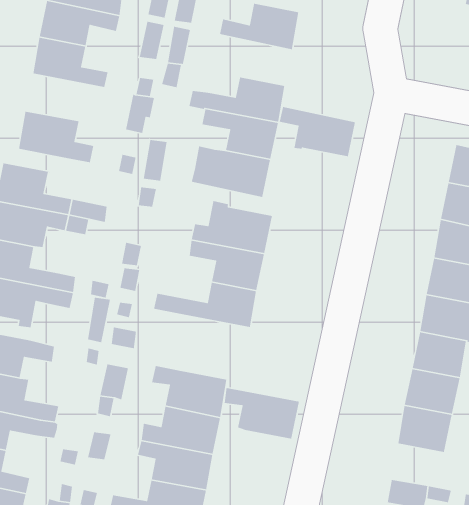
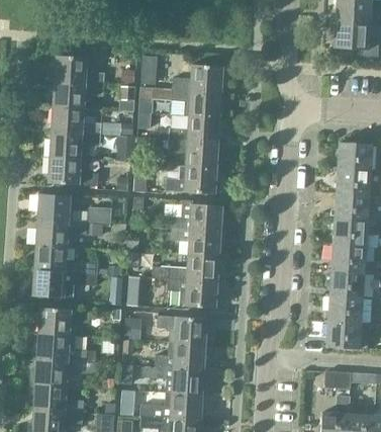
building: none -> [49,132,100,159]
building: [279,106,356,157] -> [171,89,222,117]
building: [224,387,300,440] -> [168,279,218,309]

